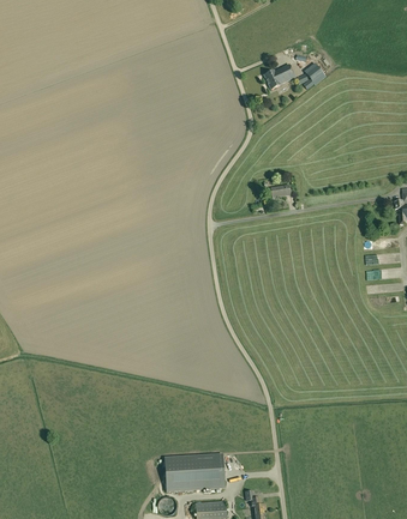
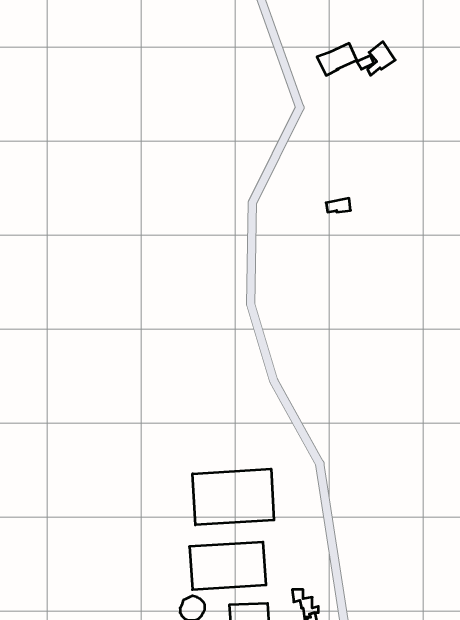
building: none -> [193,469,274,525]

